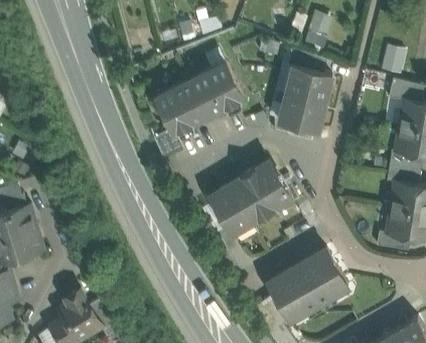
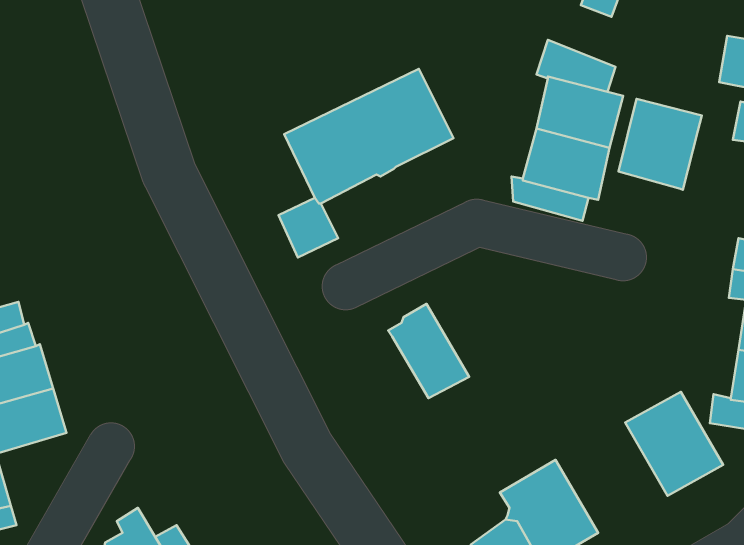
building: none -> [619,99,702,190]
building: [230,162,291,223] -> none
building: [297,250,348,304] -> [625,392,723,496]

